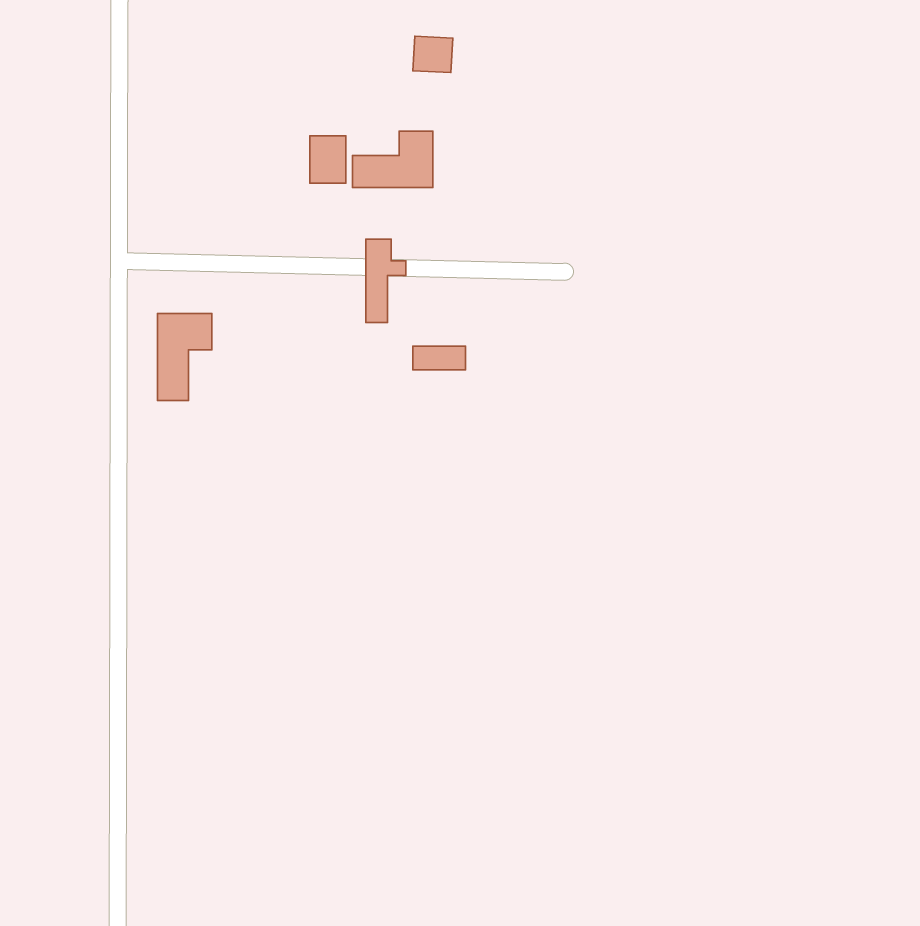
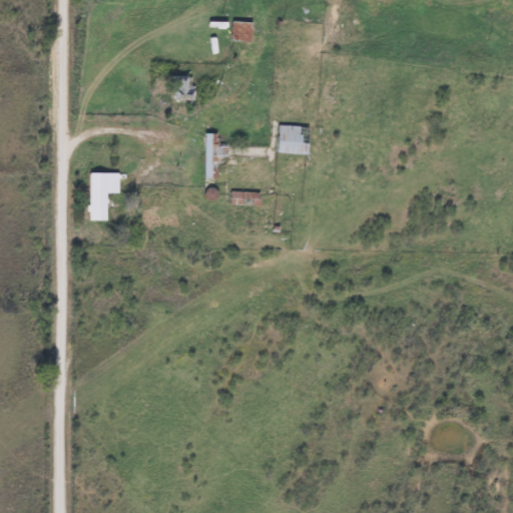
building: [352,131,433,187] -> none
building: none -> [278,125,309,153]

